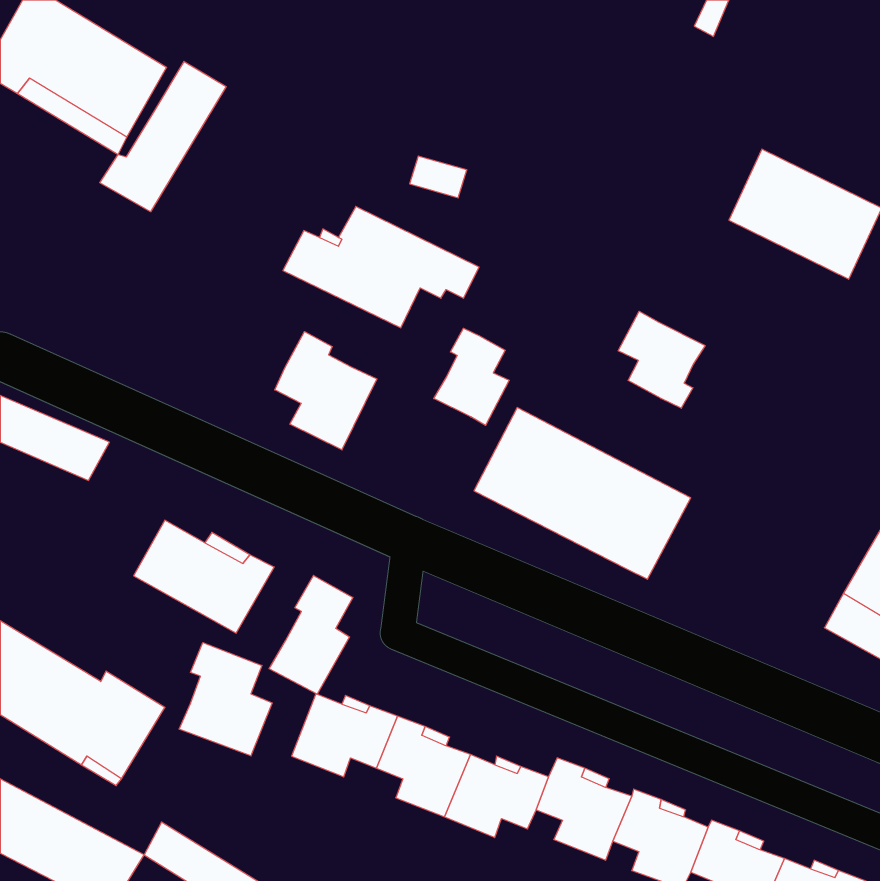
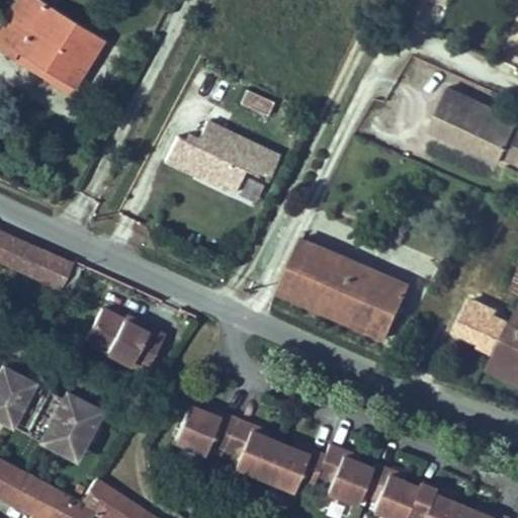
building: [100,61,226,212] -> none
building: [618,311,705,408] -> none
building: [434,328,509,425] -> none
building: [275,332,377,450] -> none
building: none -> [455,299,511,349]
building: [269,575,353,694] -> none
building: [179,643,272,756] -> none

